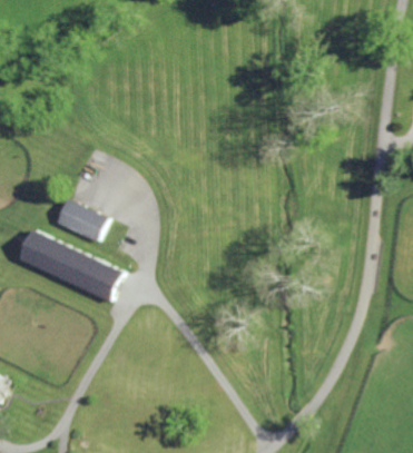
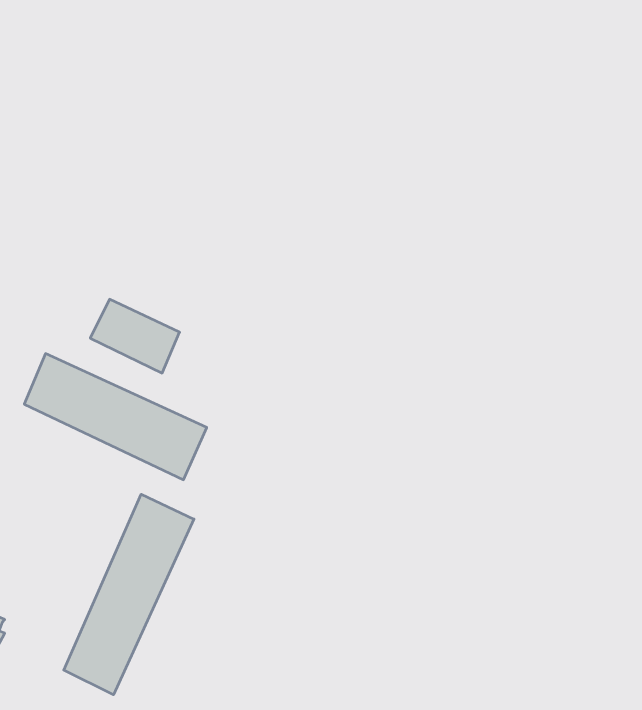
building: none -> [64,494,194,695]

